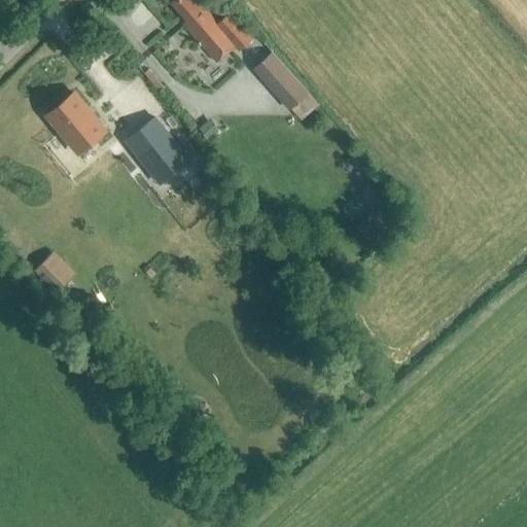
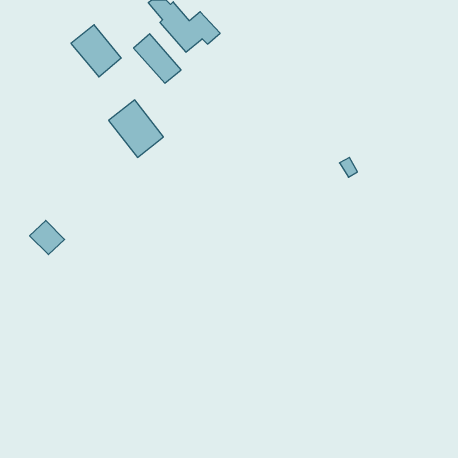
building: [254,54,309,110] -> [134,34,181,83]
building: [48,96,106,155] -> [71,25,121,77]

